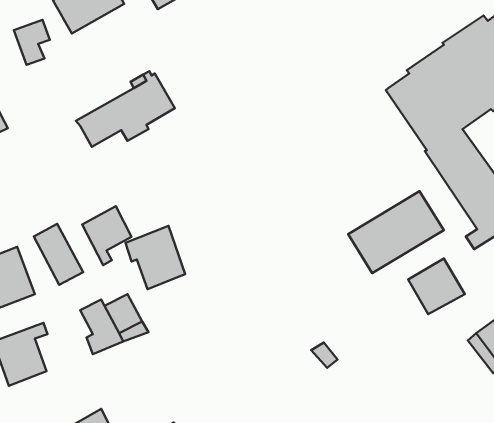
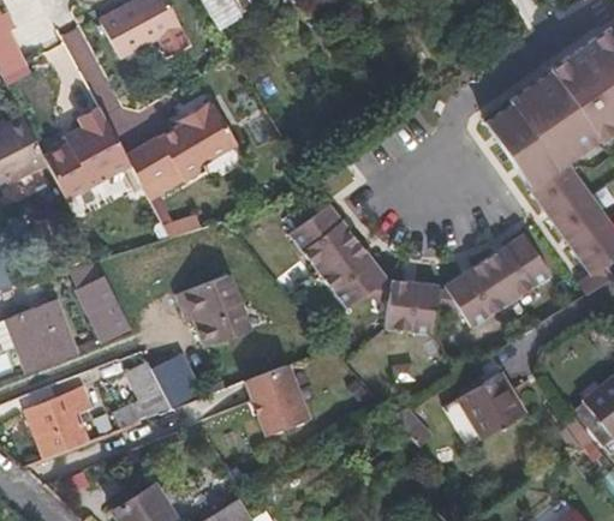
building: none -> [43,104,130,197]
building: none -> [281,200,378,307]
building: [82,206,131,265] -> none
building: none -> [377,282,430,336]
building: [408,259,465,314] -> [461,373,526,437]
building: none -> [246,366,310,436]

